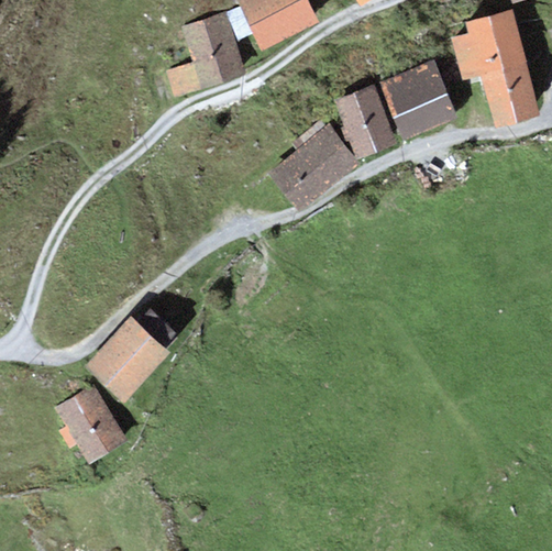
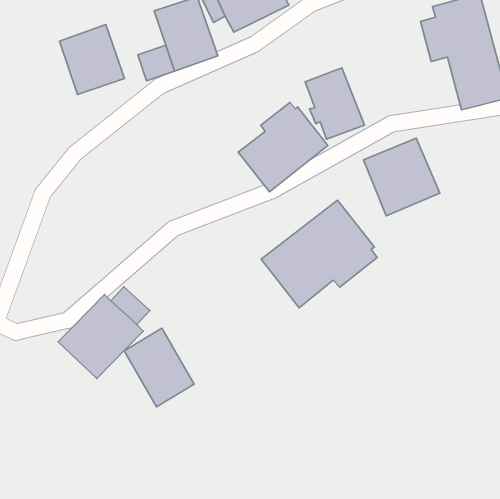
building: none -> [60,24,125,94]
building: [379,59,457,139] -> [363,138,440,216]
building: none -> [261,200,377,308]
building: [56,384,128,464] -> [124,328,194,407]

